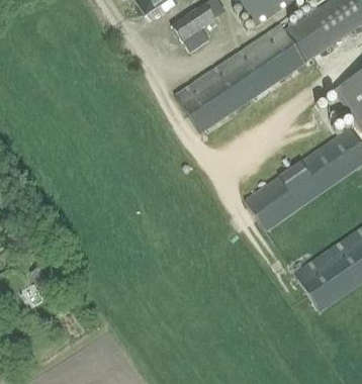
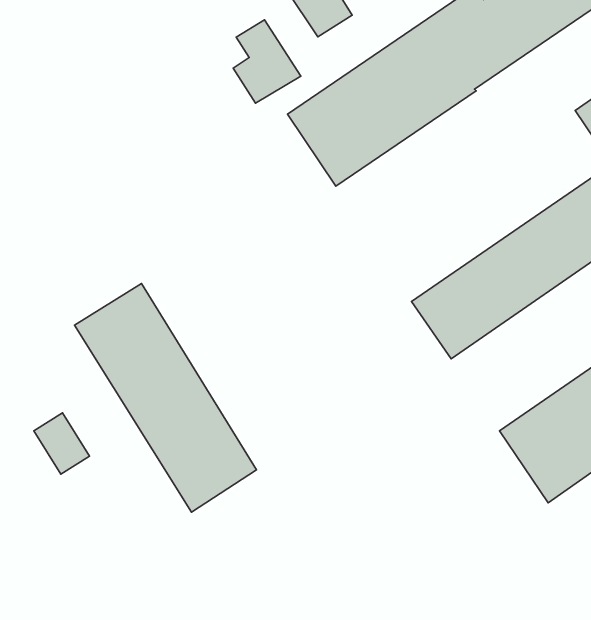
building: none -> [233,20,301,103]
building: none -> [75,284,257,512]

